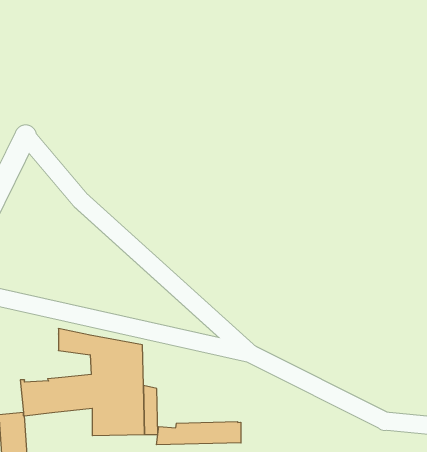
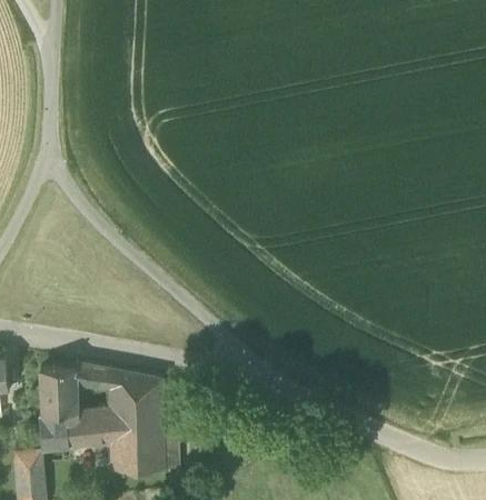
building: none -> [39,368,77,417]
building: [156,422,241,445] -> none

